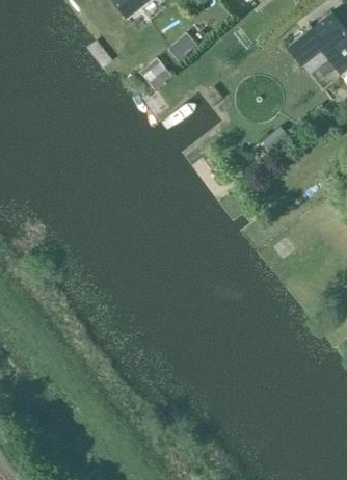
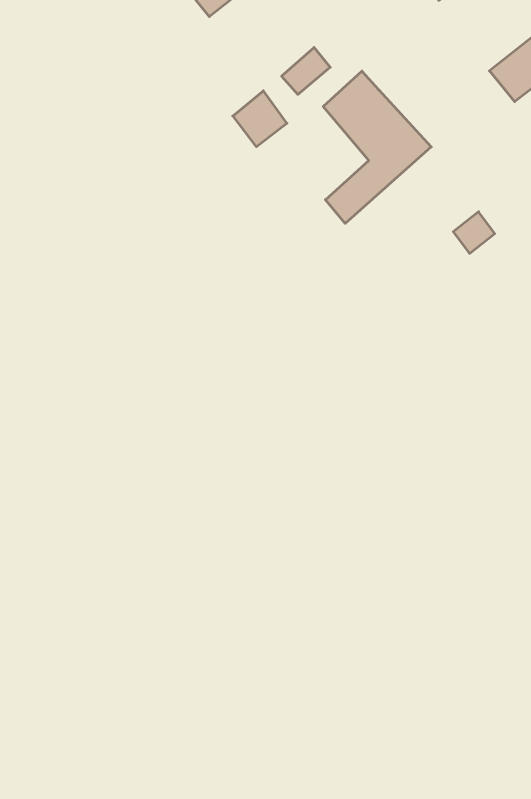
building: none -> [323,71,431,223]

